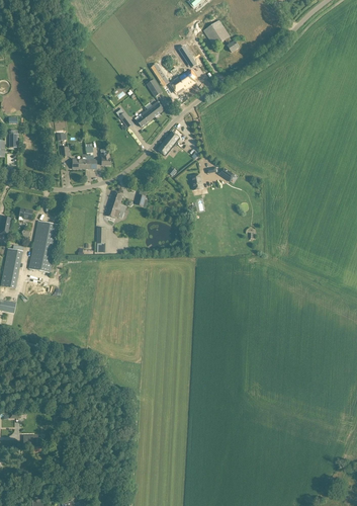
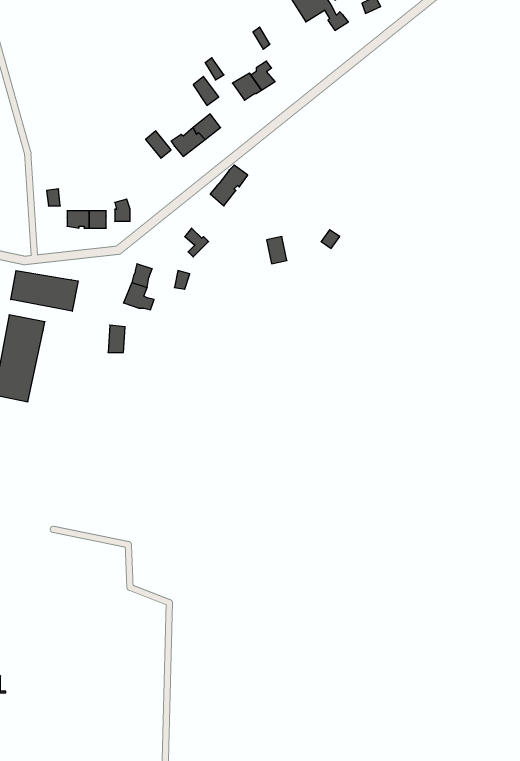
building: none -> [11,271,78,311]

